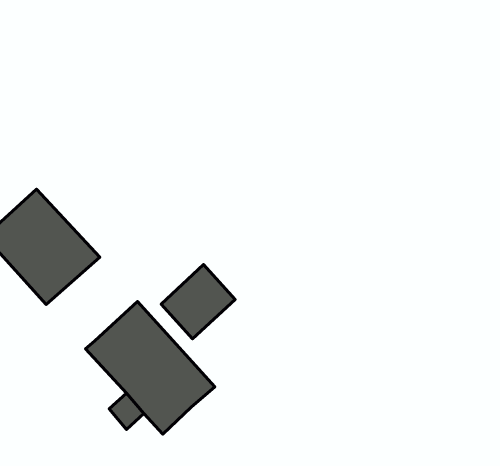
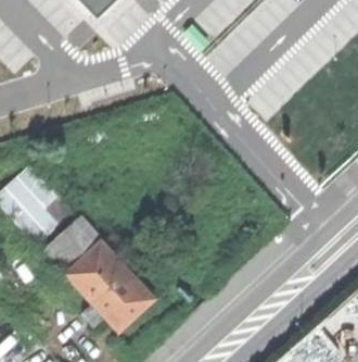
building: [161,265,235,339] -> [48,214,99,265]

